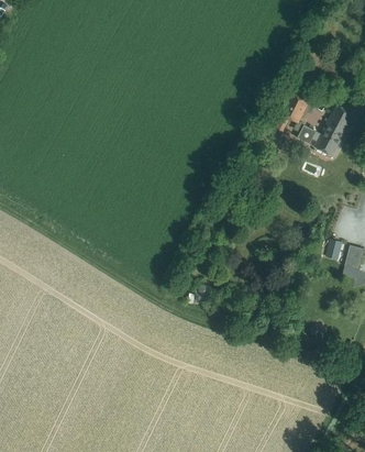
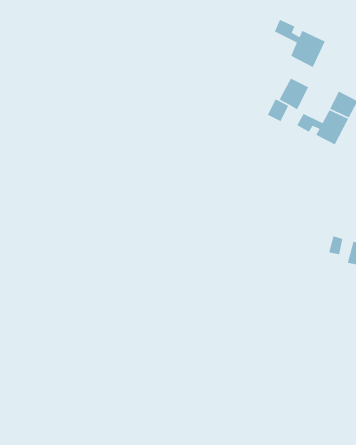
building: none -> [274,19,326,68]

